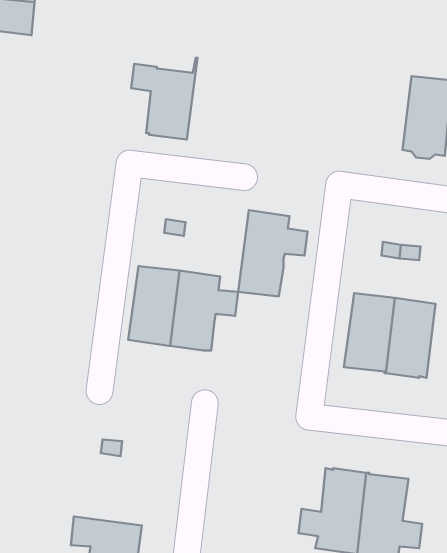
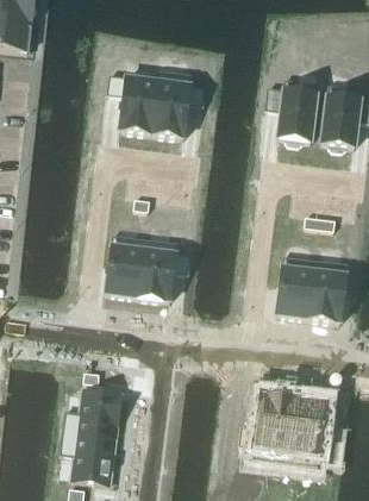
building: none -> [265,79,318,145]
building: [238,210,308,296] -> [151,70,206,138]
building: none -> [62,389,121,439]

